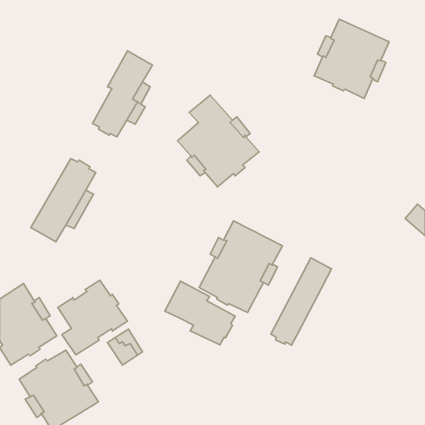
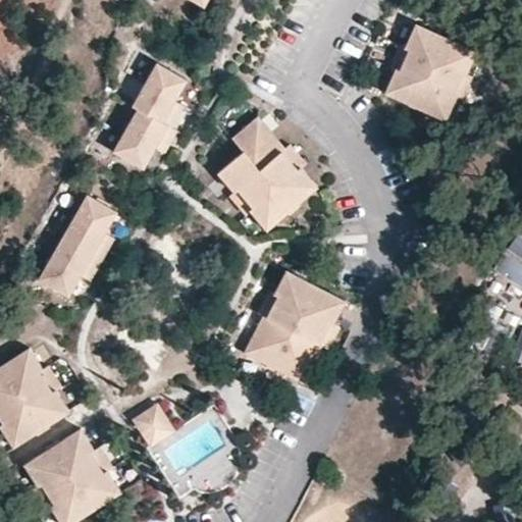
building: [271,258,331,345] -> none
building: [58,280,128,355] -> none
building: [165,281,235,345] -> none

